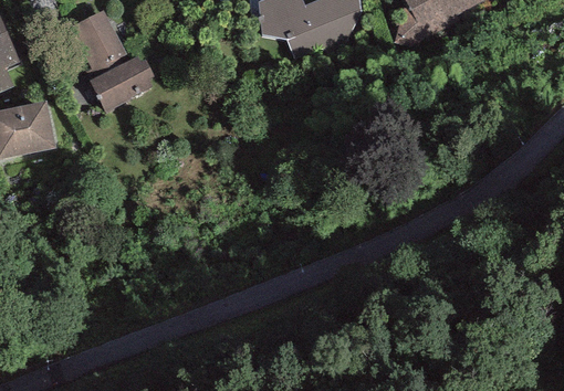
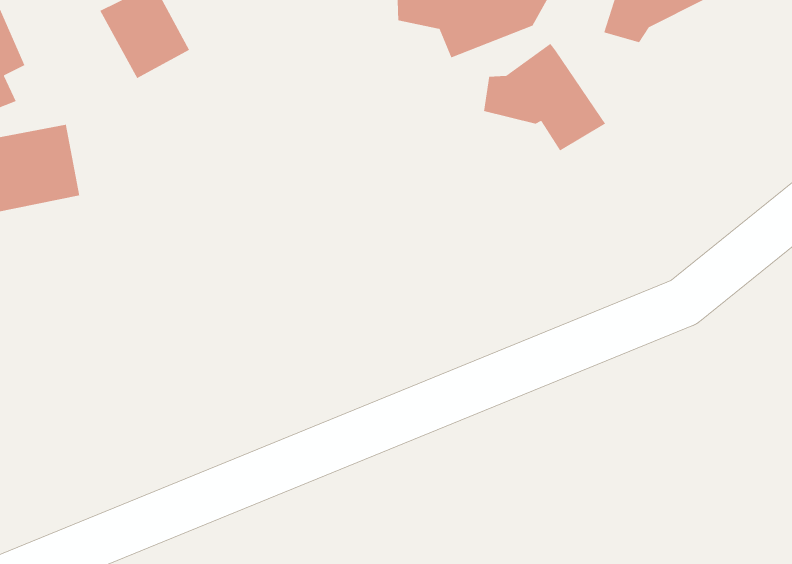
building: none -> [483,43,606,152]
building: [88,55,154,110] -> none

